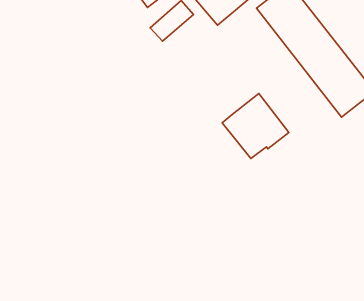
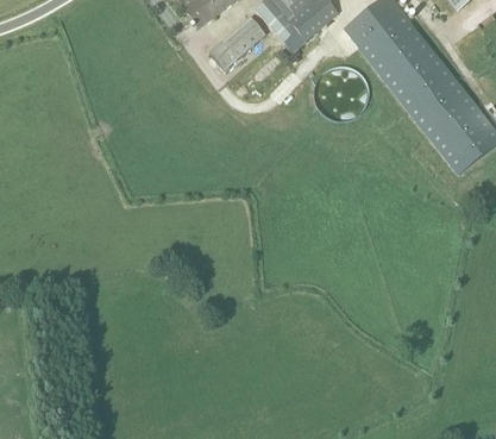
building: [222,94,289,159] -> none

